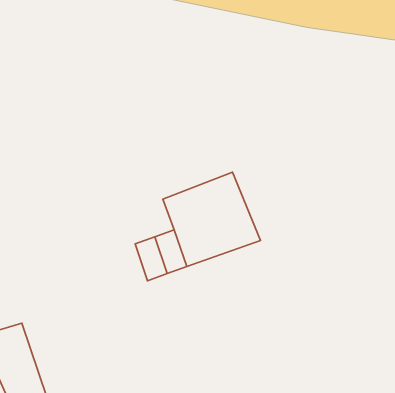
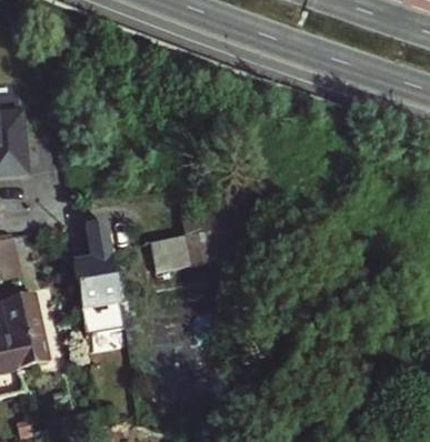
building: none -> [72,221,122,334]

